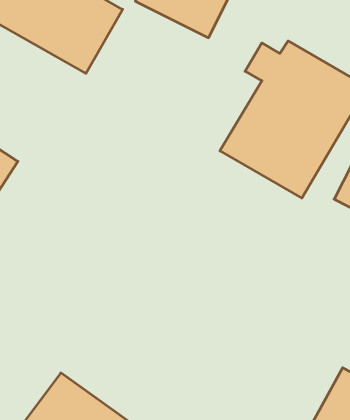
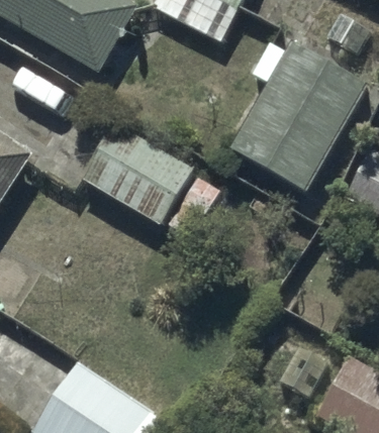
building: none -> [77,121,221,238]

